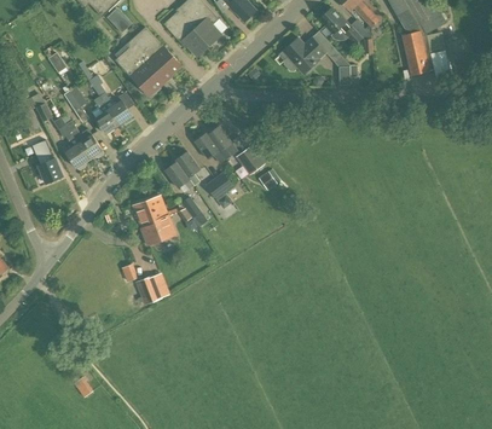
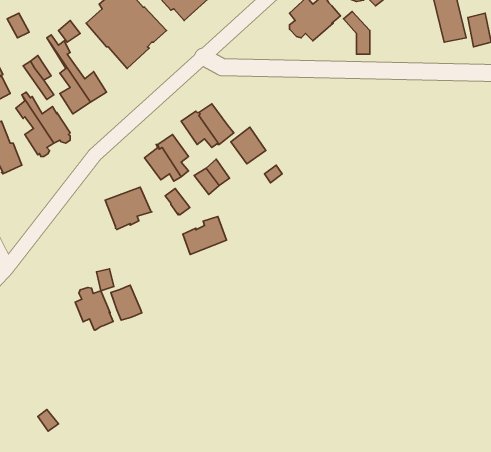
building: [140,215,176,247] -> [183,217,227,255]
building: none -> [75,287,113,330]

